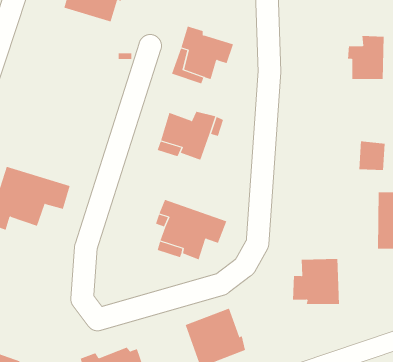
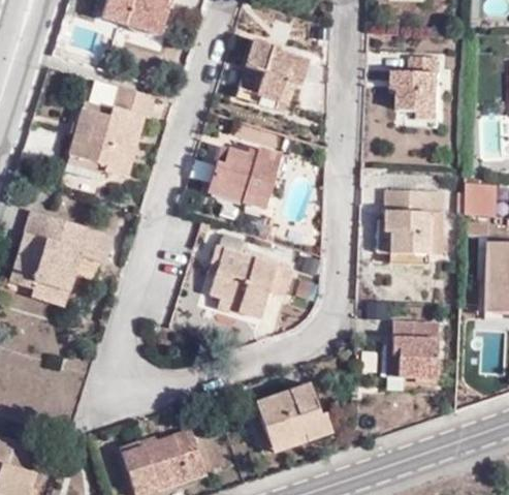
building: [347,36,384,80] -> [394,65,440,119]
building: none -> [66,86,154,178]
building: none -> [374,187,441,264]
building: none -> [29,272,69,305]

